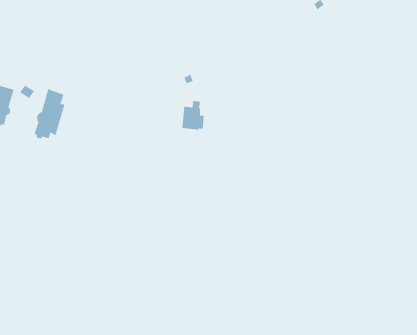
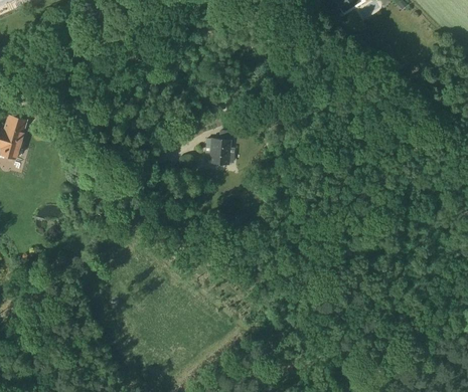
building: [34,89,65,139] -> none

